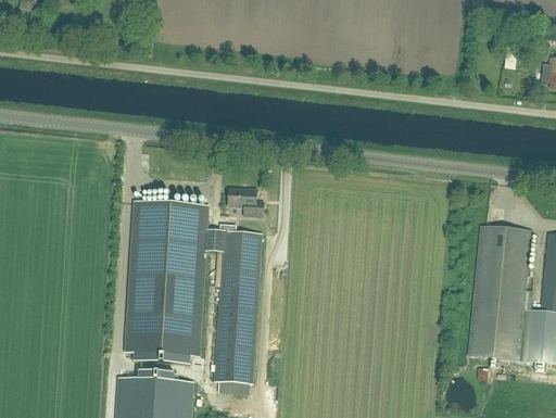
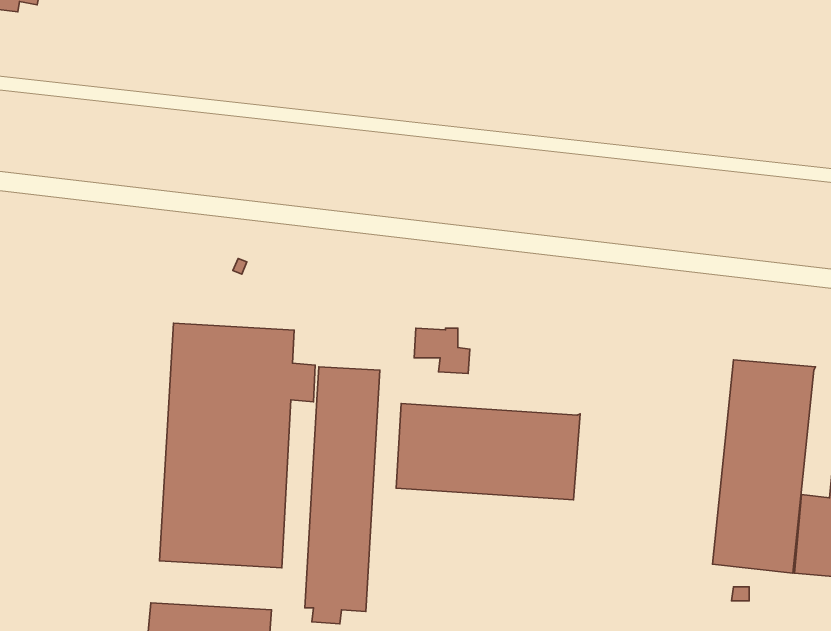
building: [229,189,264,217] -> [414,328,470,374]
building: none -> [396,404,580,500]

